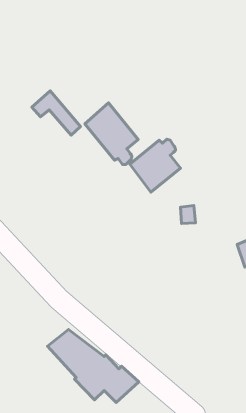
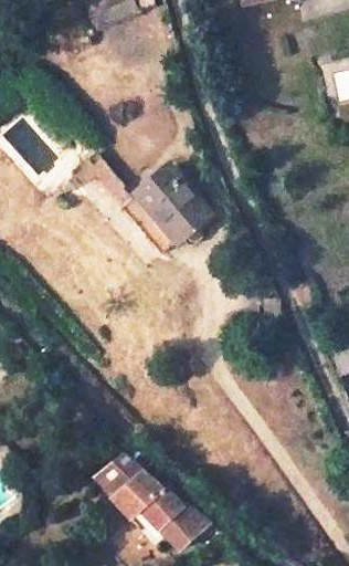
building: [130,139,180,192] -> none

